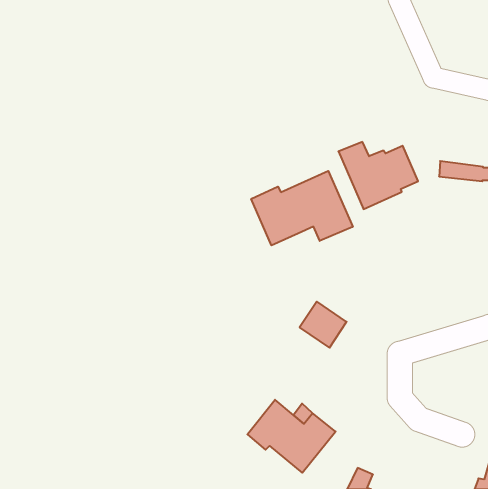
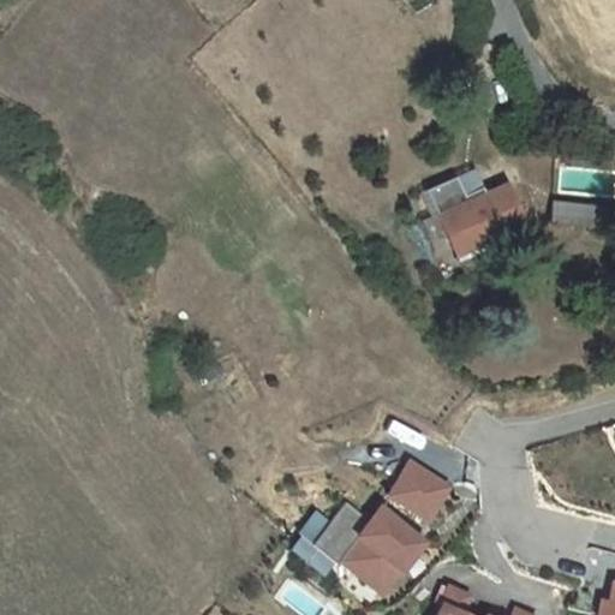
building: [251,171,353,245] -> none
building: [300,302,347,348] -> [389,461,448,519]

